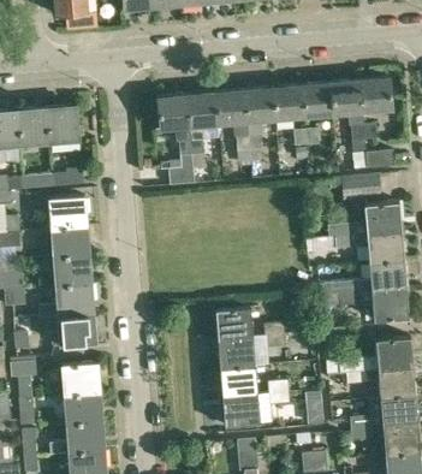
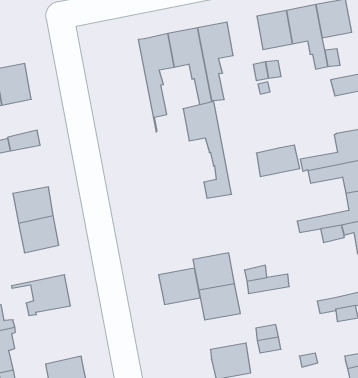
building: [273,84,304,119] -> none
building: [156,94,194,185] -> [183,102,232,198]
building: [341,176,381,202] -> [256,145,300,177]
building: [48,195,85,227] -> none
building: [38,282,91,315] -> none
building: [61,362,99,393] -> none
building: [220,366,257,397] -> [159,268,200,304]

